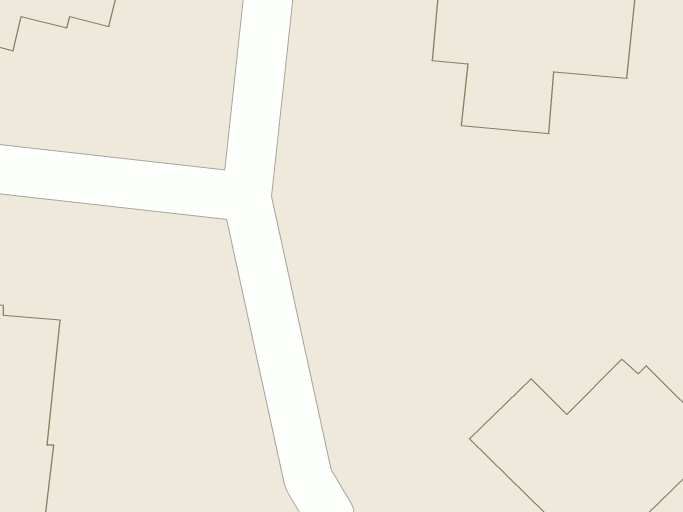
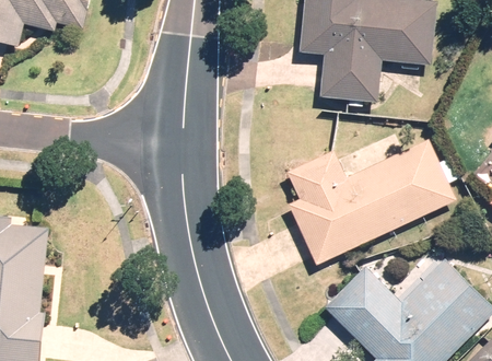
building: none -> [288,140,456,265]

